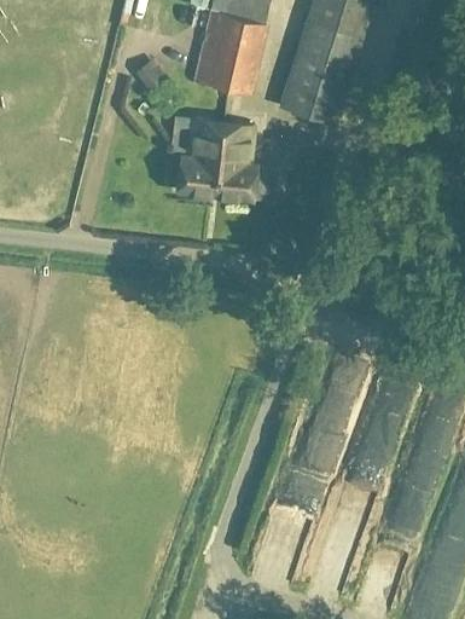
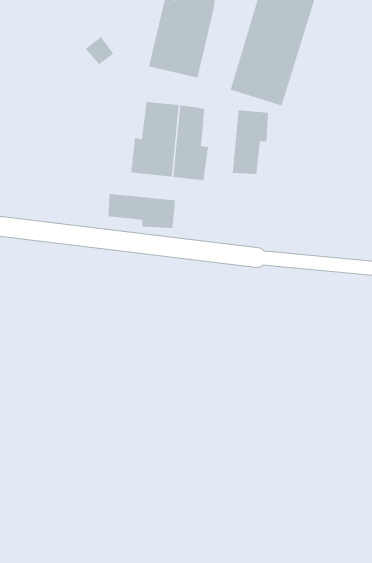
building: none -> [232,110,269,175]
building: none -> [108,193,175,229]

